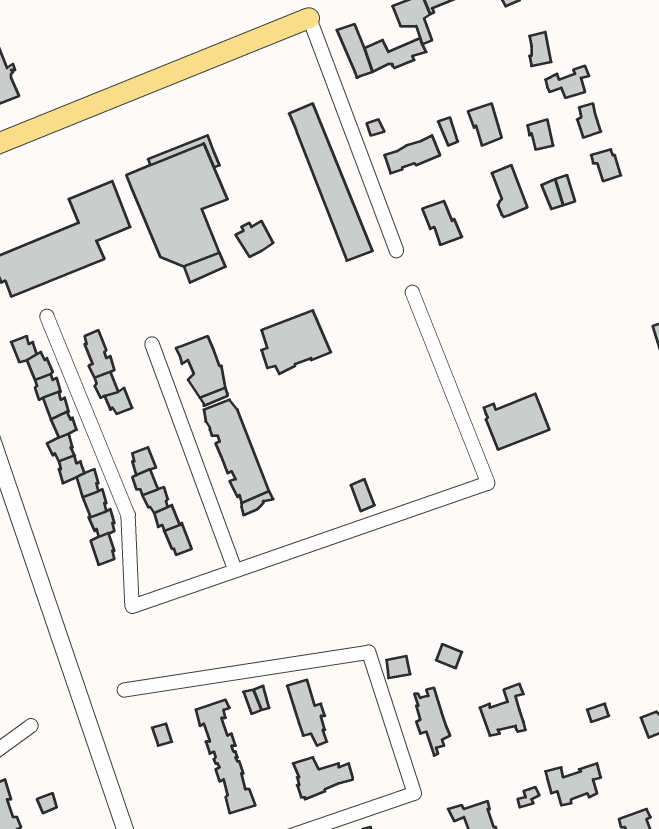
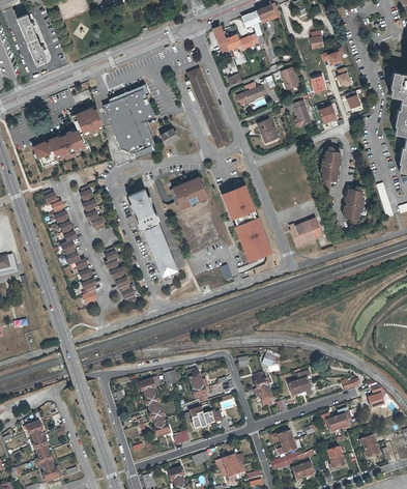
building: none -> [320,147,341,183]
building: none -> [222,184,273,263]
building: none -> [343,186,362,223]

